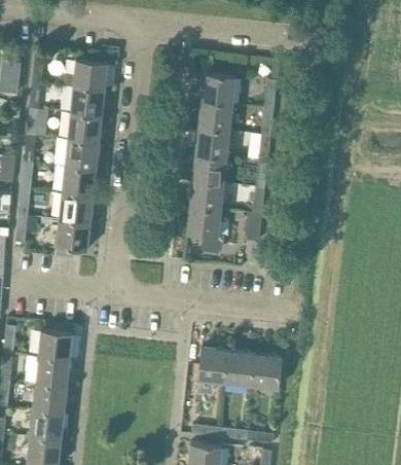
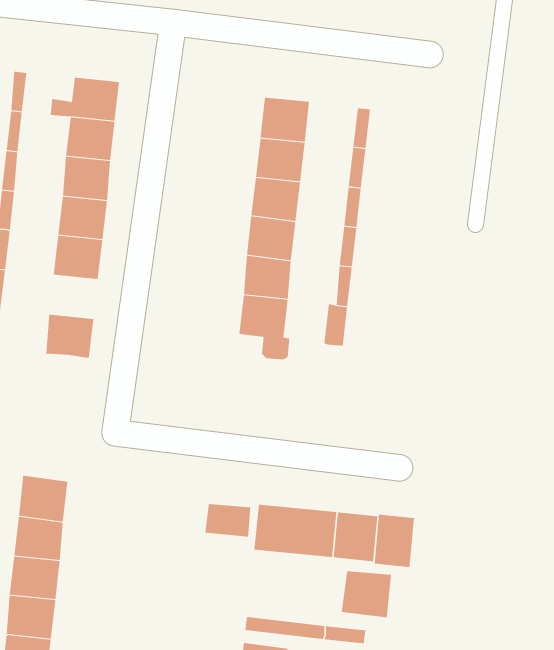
building: [59,194,93,224] -> none
building: none -> [205,503,251,537]
building: none -> [374,514,414,568]
building: none -> [341,571,392,618]

